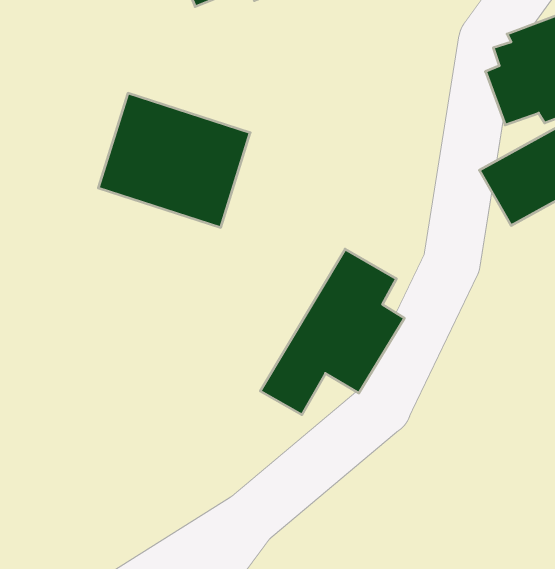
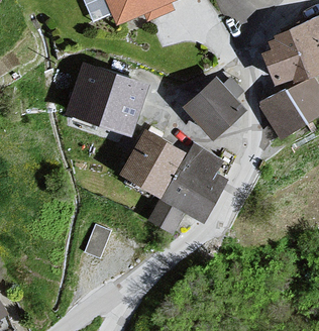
building: none -> [185,80,243,137]
building: none -> [122,132,183,195]

